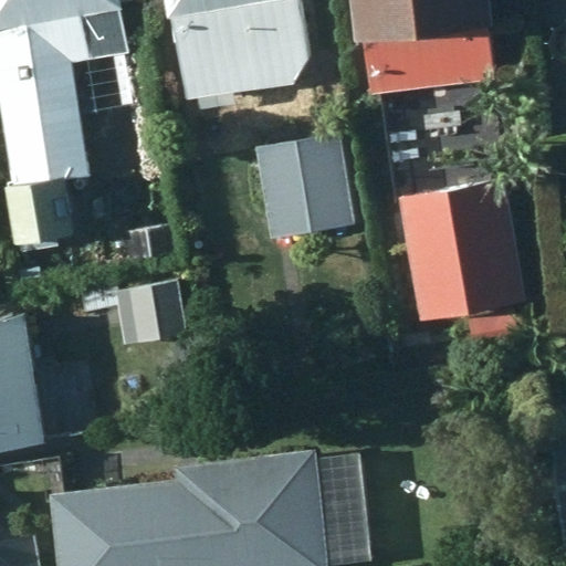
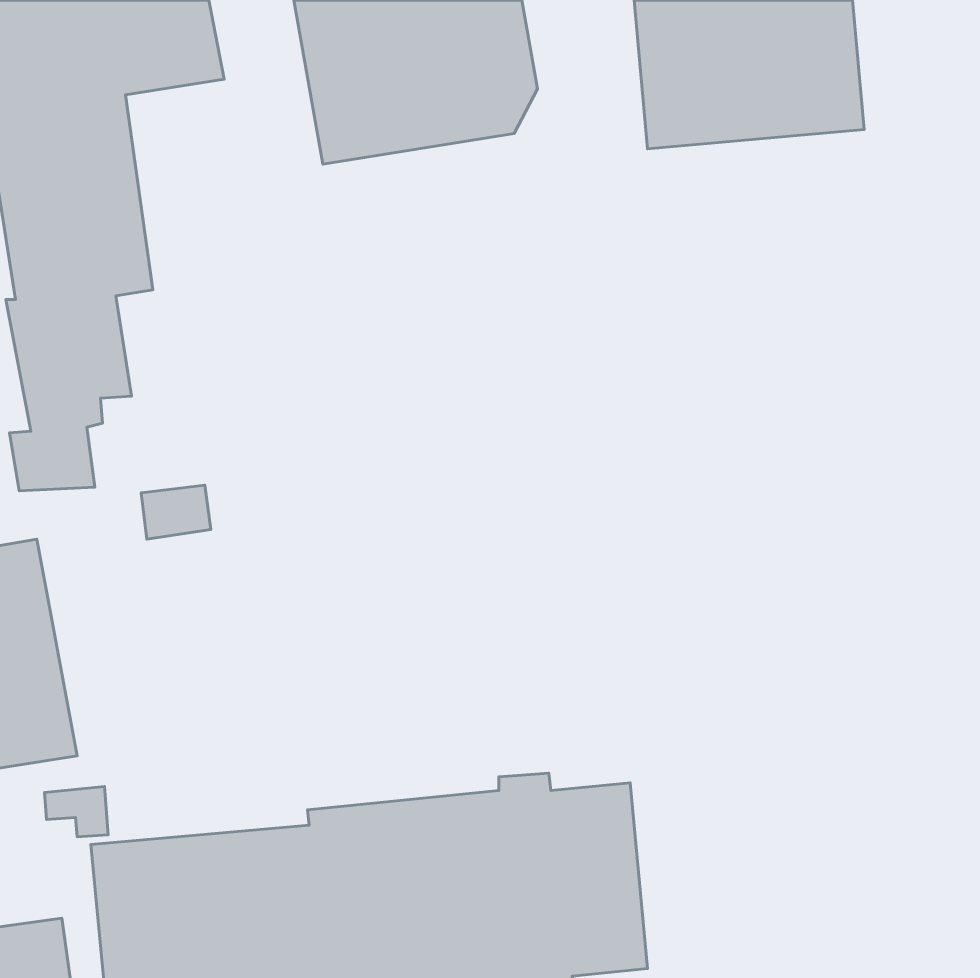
building: [255,132,354,240] -> none
building: [401,175,527,314] -> none

